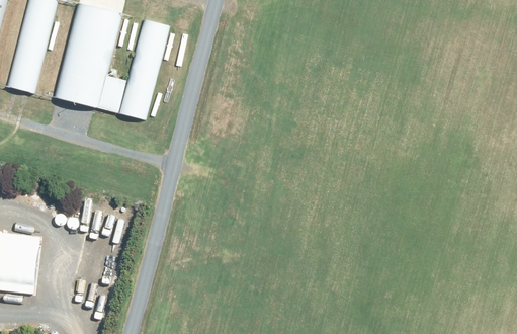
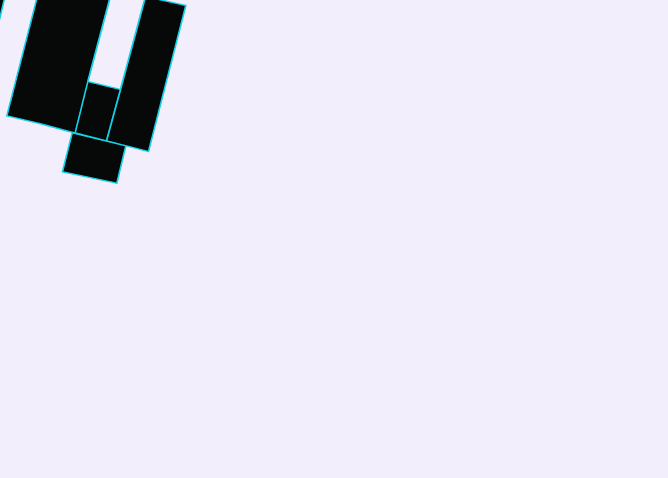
building: none -> [62,133,126,183]

